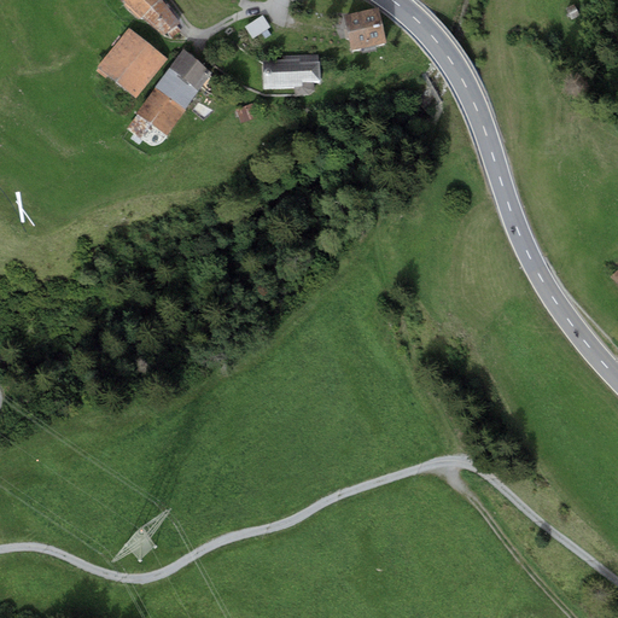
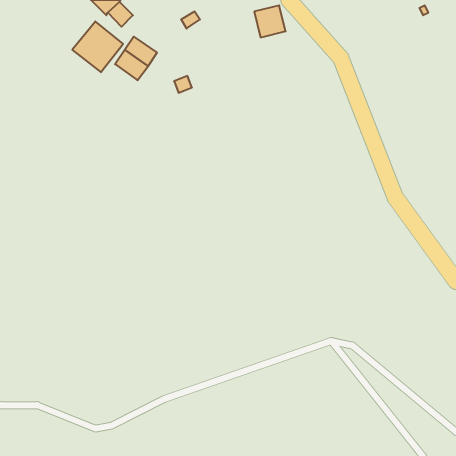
building: [262,54,321,97] -> none
building: [138,87,185,133] -> none

